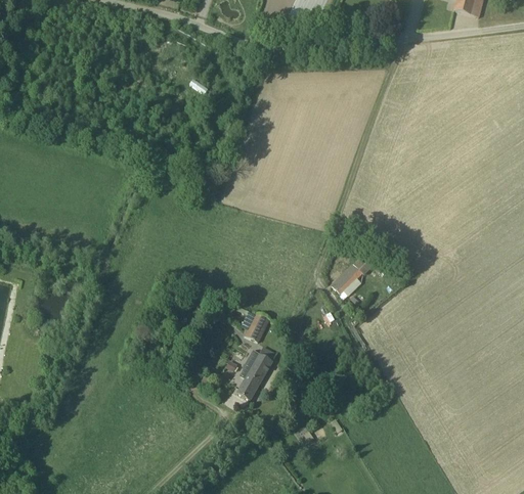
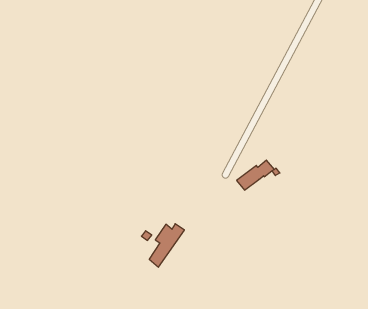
building: [245,313,269,342] -> none

